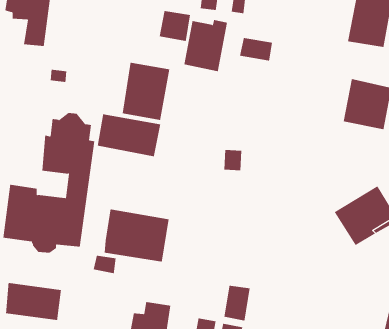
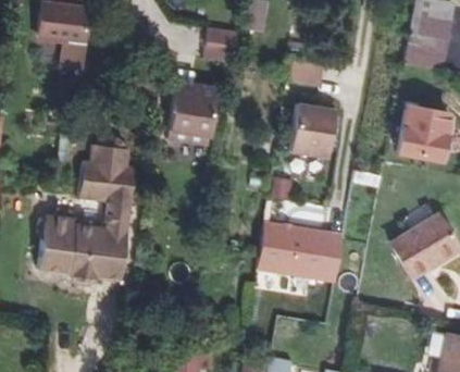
building: [184,19,228,72] -> [290,101,337,157]
building: [97,113,161,157] -> none
building: [104,209,170,262] -> [258,221,327,277]
building: [5,282,61,321] -> none

